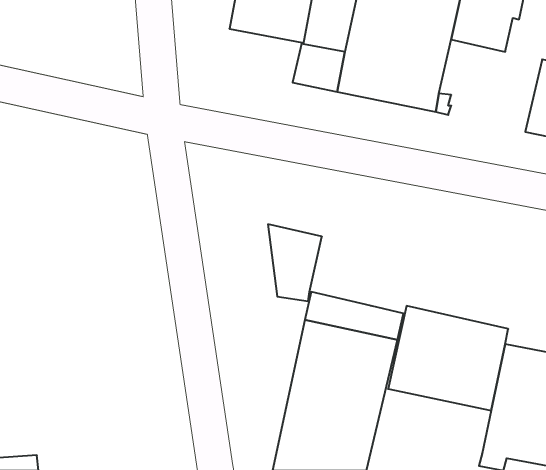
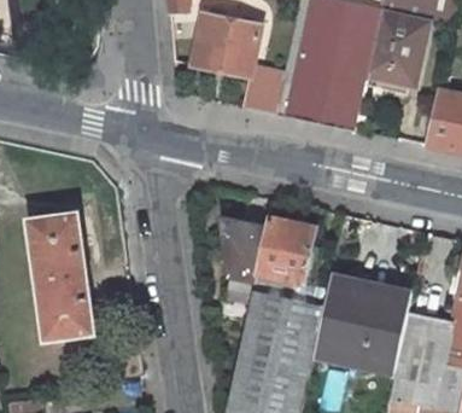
building: none -> [29,214,94,339]
building: none -> [256,217,318,283]

